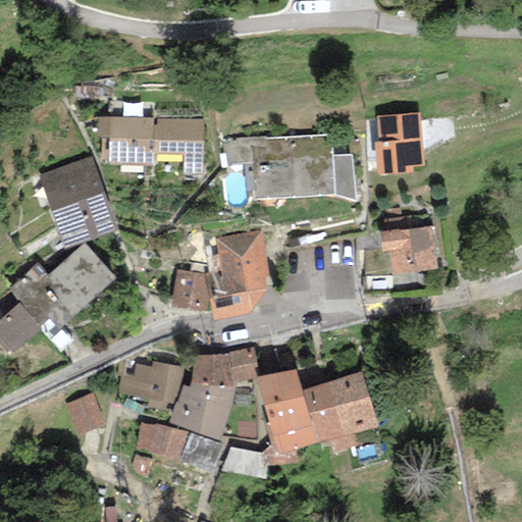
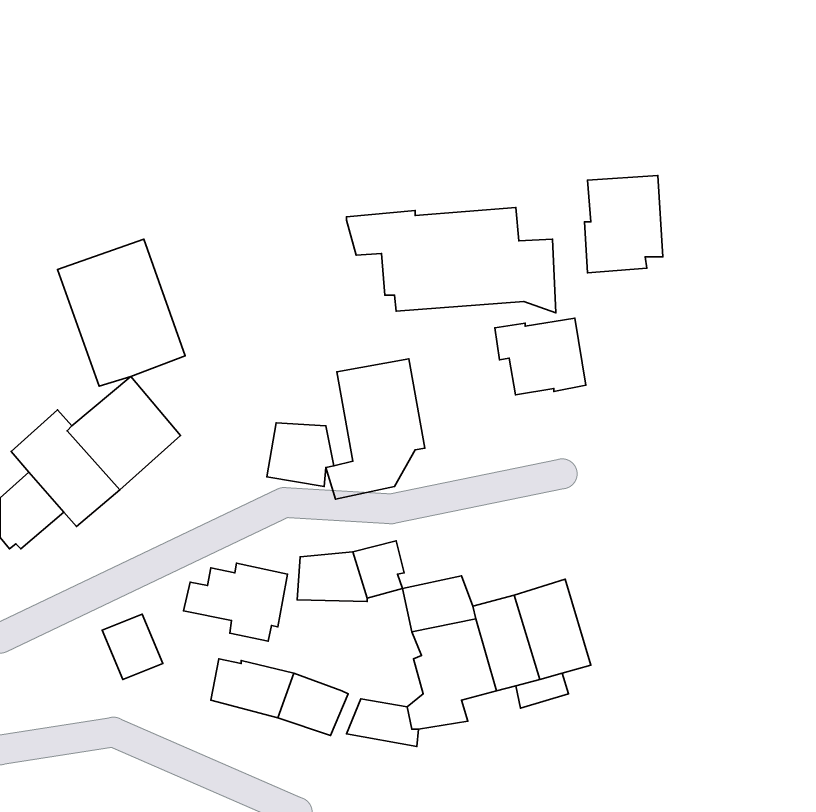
building: [96,116,202,173] -> none
building: [379,224,437,273] -> [495,318,586,395]
building: [168,383,234,441] -> none

